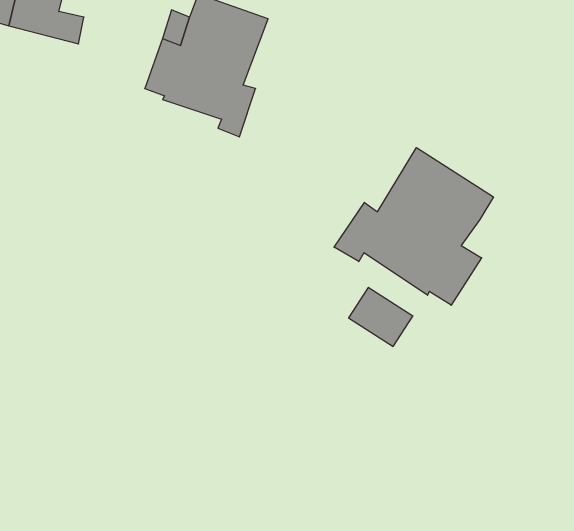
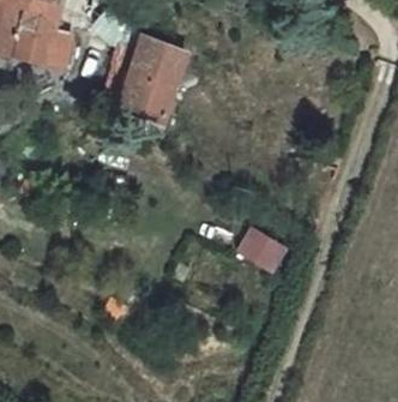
building: [334,148,493,305] -> none

